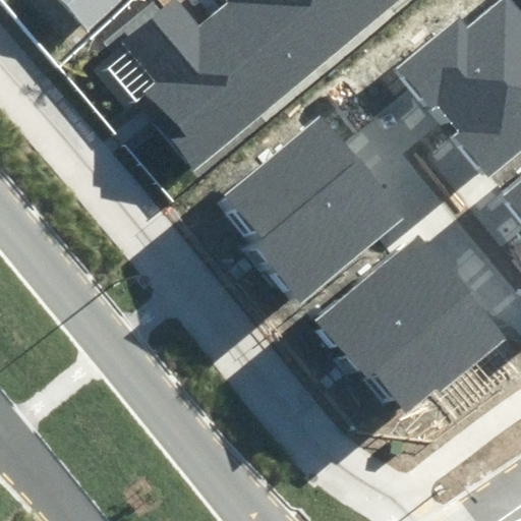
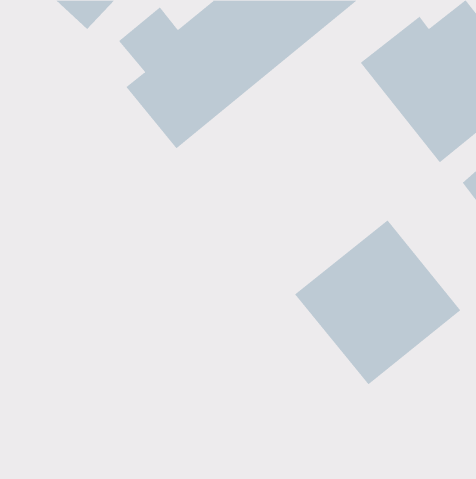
building: [224,117,405,297] -> none

